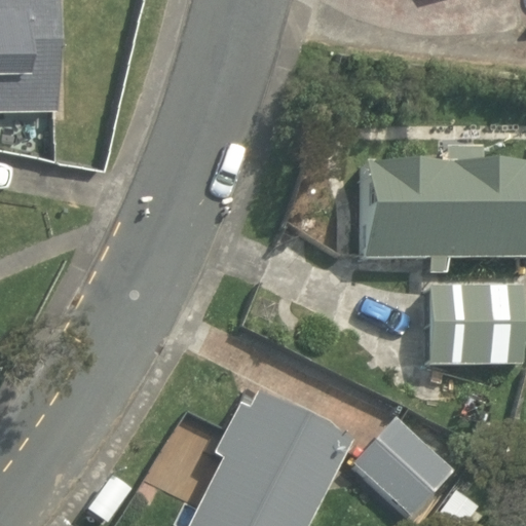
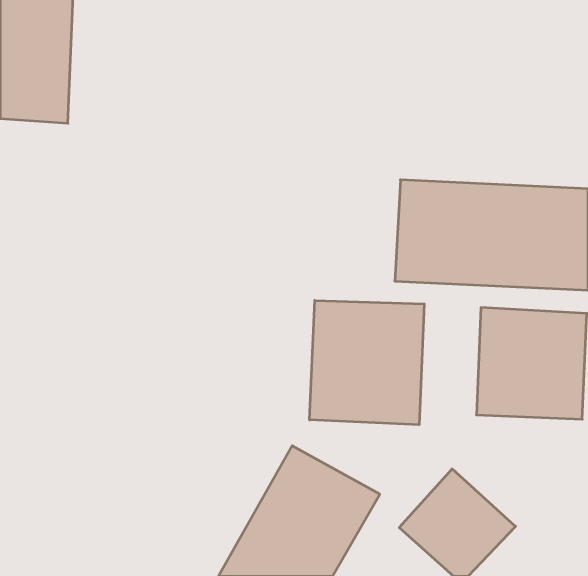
building: none -> [310,300,424,425]

